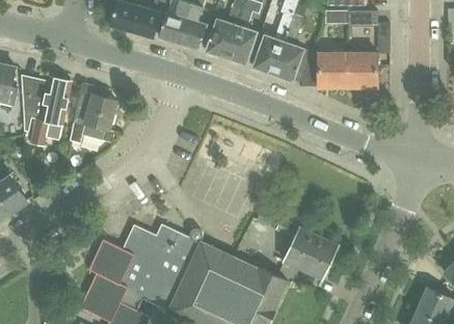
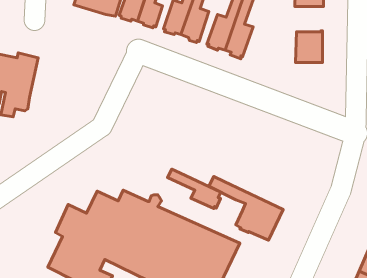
building: [300,52,349,87] -> none
building: [66,83,115,143] -> none
building: none -> [167,169,221,208]

